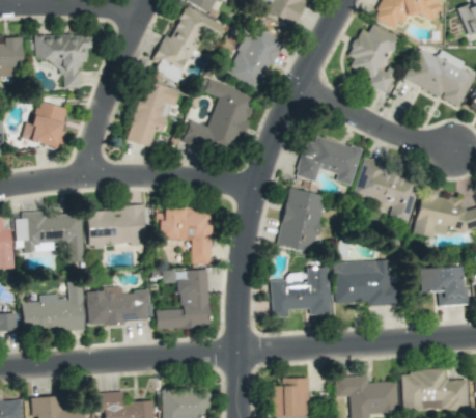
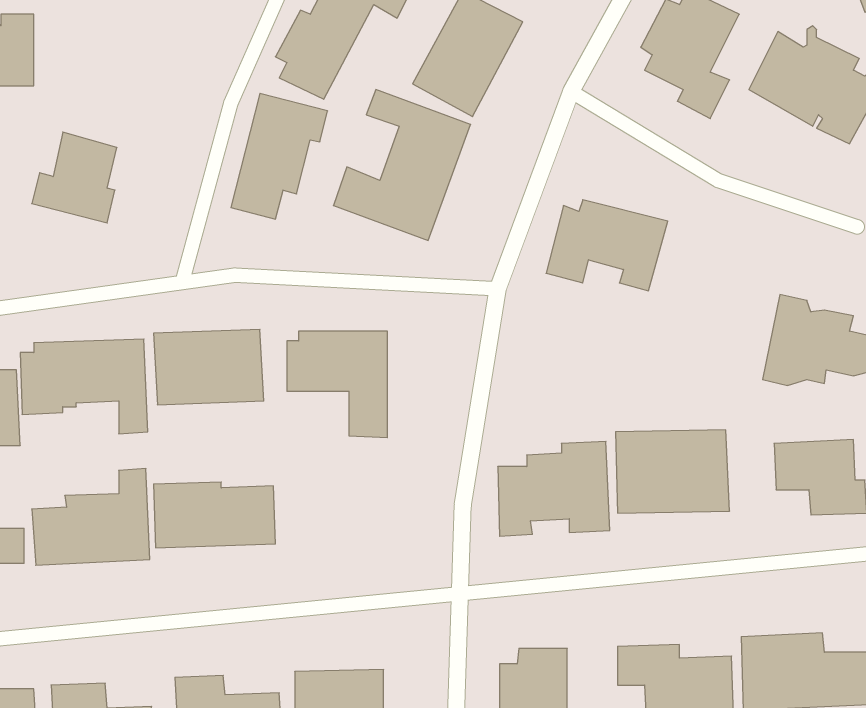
building: [34,34,92,88] -> none
building: [354,159,420,224] -> none
building: [277,188,326,253] -> none
building: [156,270,209,329] -> none

